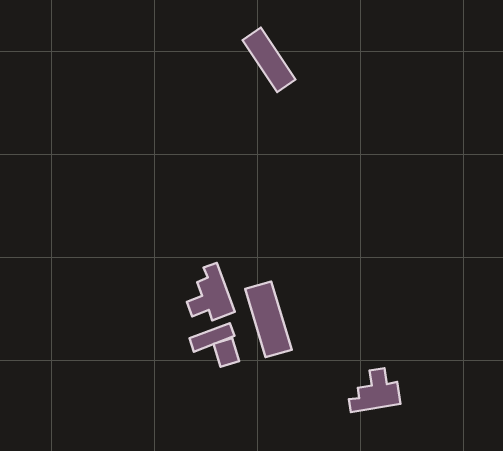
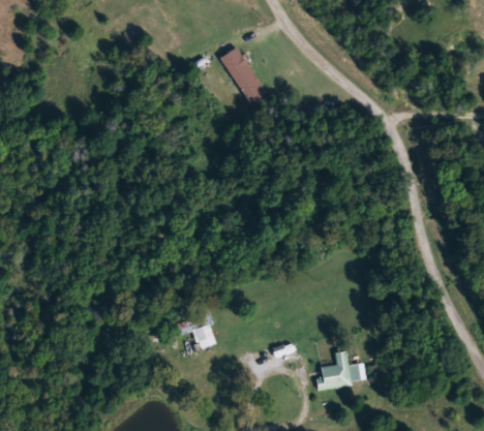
building: [187,263,235,320] -> none
building: [245,281,292,357] -> none

